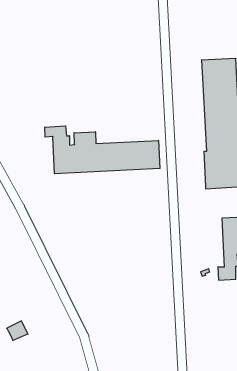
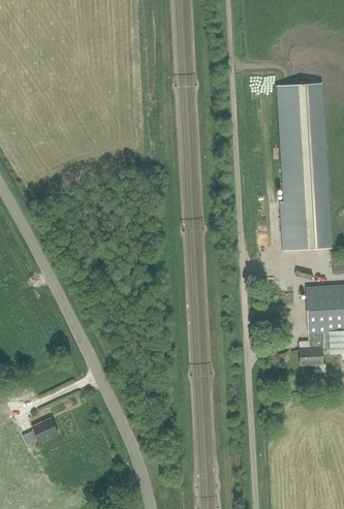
building: [45,126,160,174] -> none

